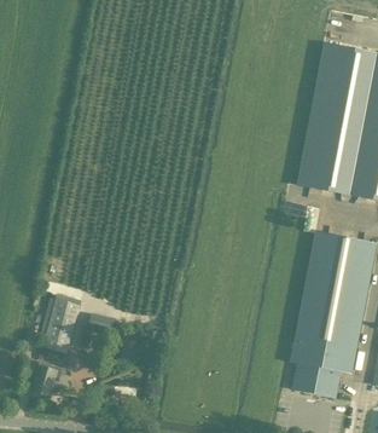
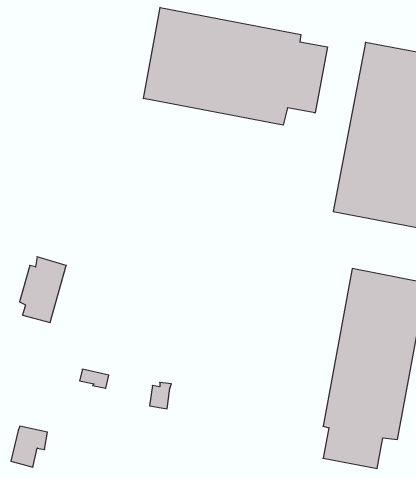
building: none -> [143,7,327,125]
building: [41,298,80,352] -> [20,257,66,322]

